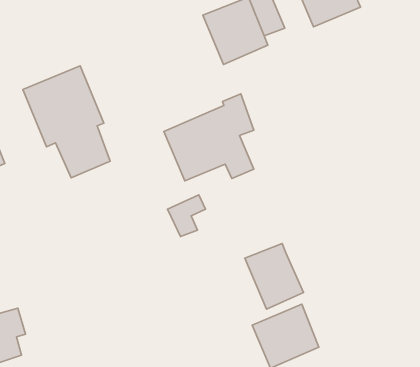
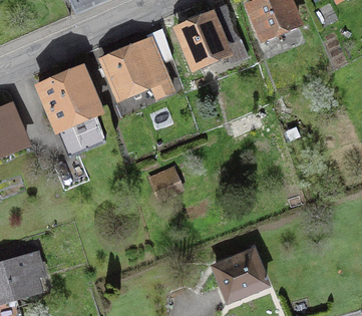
building: [164,94,254,181] -> [103,30,172,97]
building: [245,243,303,309] -> none

